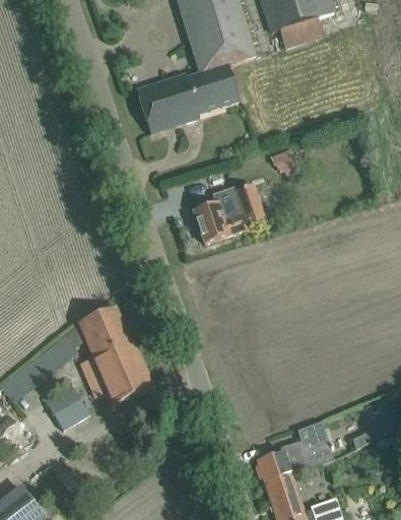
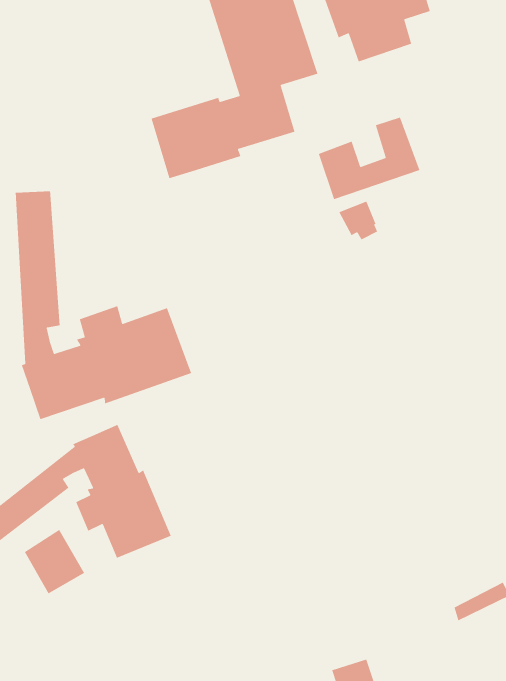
building: none -> [15,190,192,420]
building: [193,183,266,243] -> [318,116,420,200]
building: [255,420,332,482] -> none

